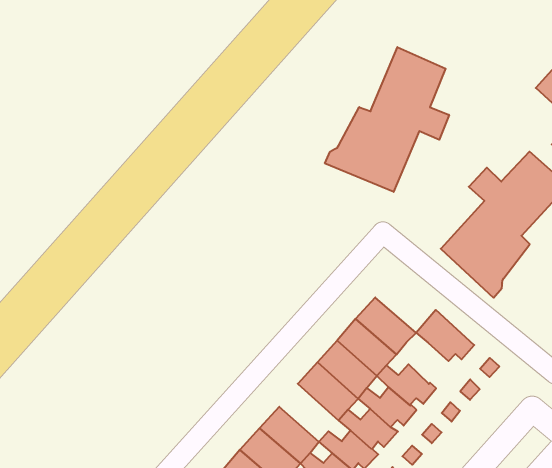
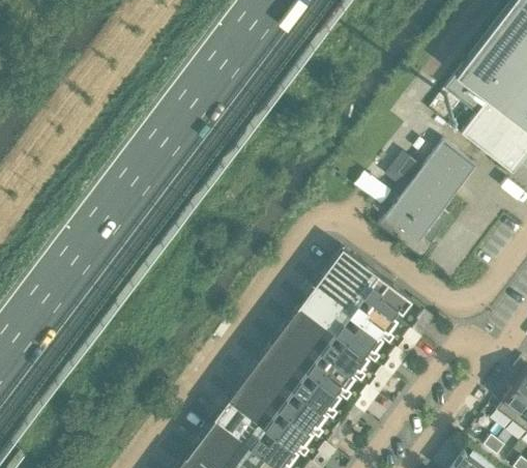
building: [325,47,449,192] -> none
building: none -> [329,247,379,294]
building: none -> [350,301,399,334]
building: none -> [259,343,308,388]

